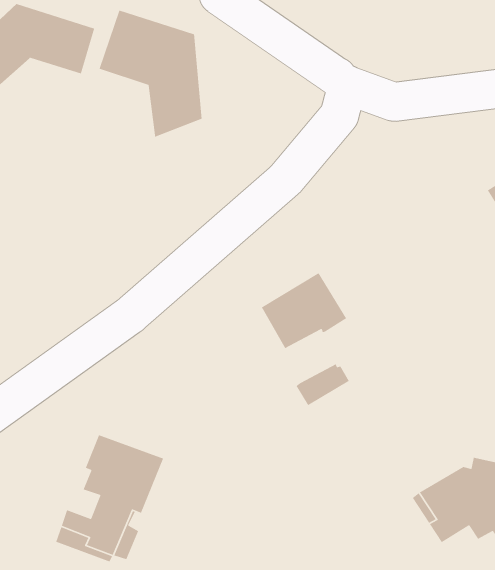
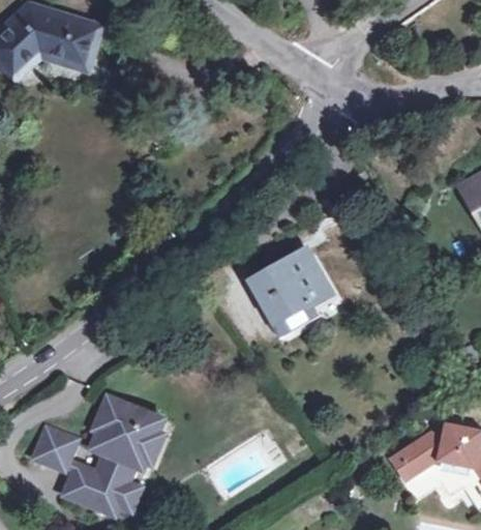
building: [99,10,203,138] -> none
building: [295,363,350,406] -> [269,302,319,342]
building: none -> [33,426,77,470]

